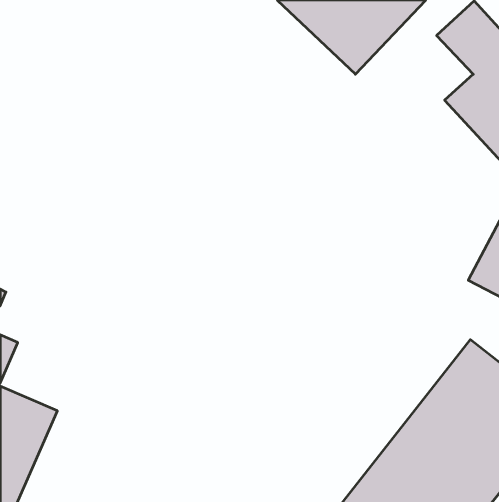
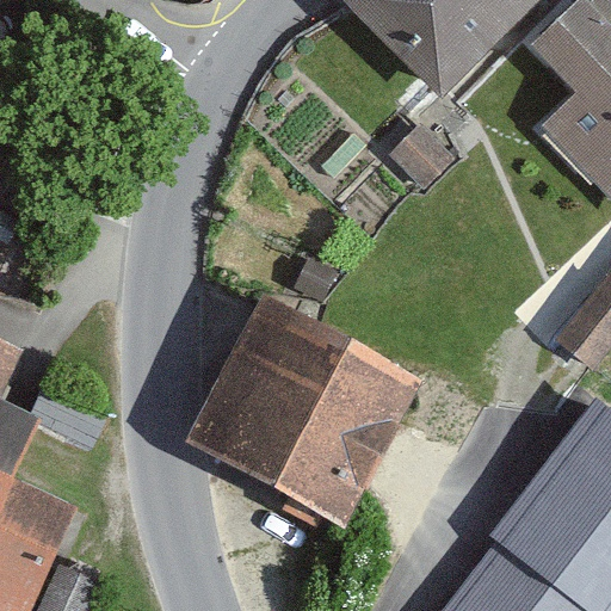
building: none -> [198,308,411,514]

